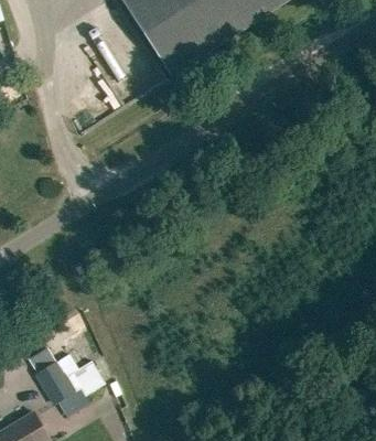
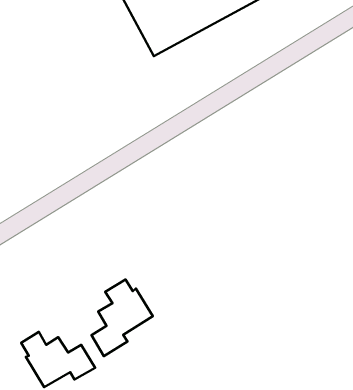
building: none -> [91,280,153,356]

